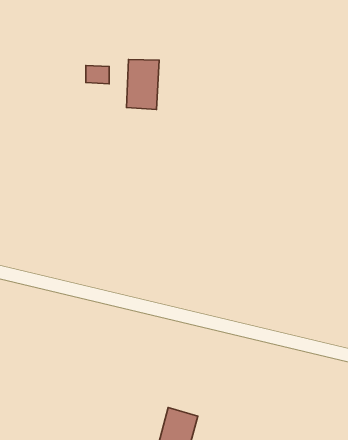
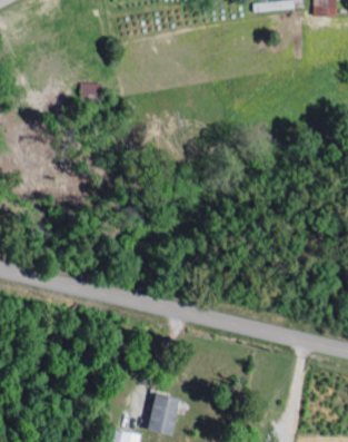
building: [126,59,159,109] -> none

